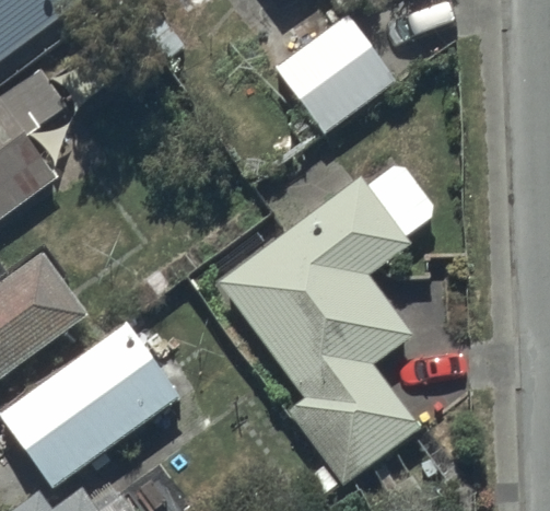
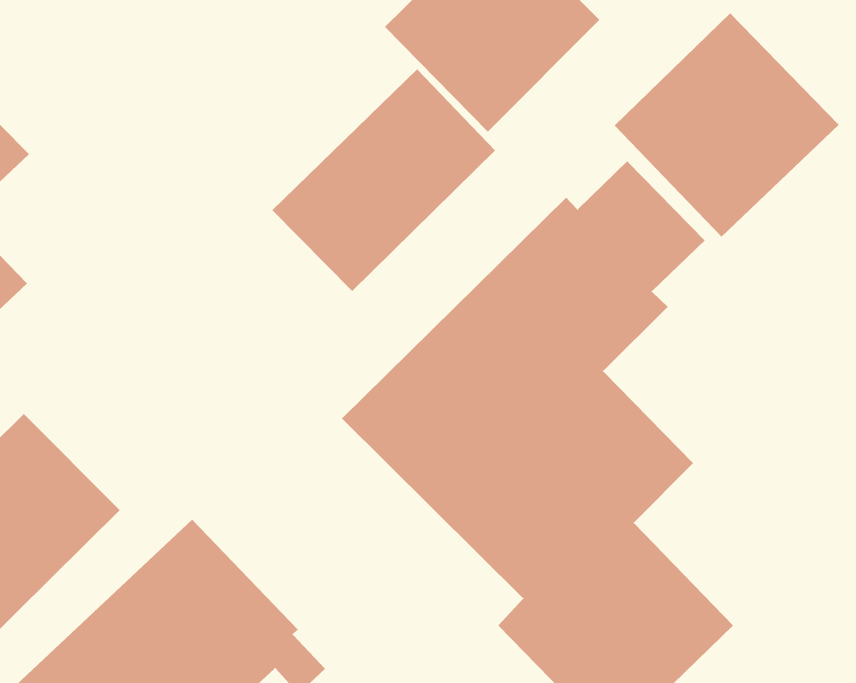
building: none -> [614,12,840,238]
building: none -> [271,68,496,292]

